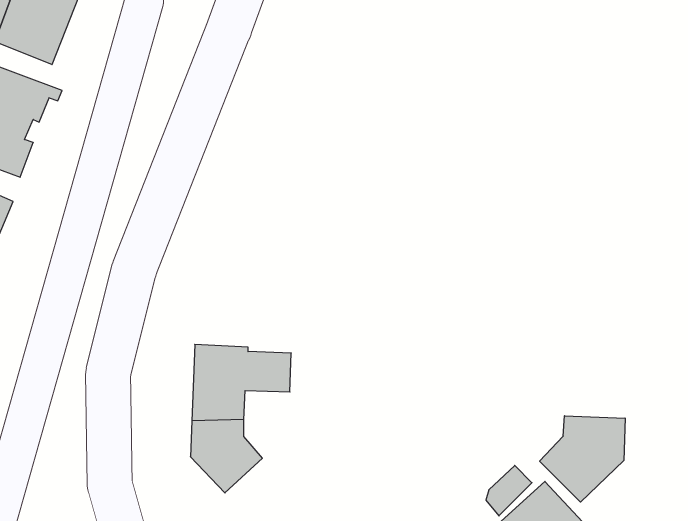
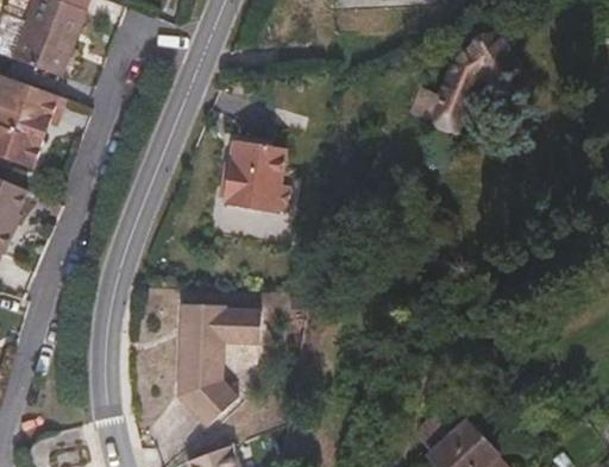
building: none -> [419,32,533,128]
building: none -> [222,138,290,212]
building: [540,416,625,502] -> none

